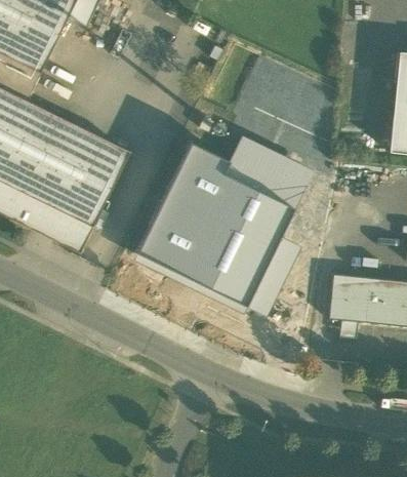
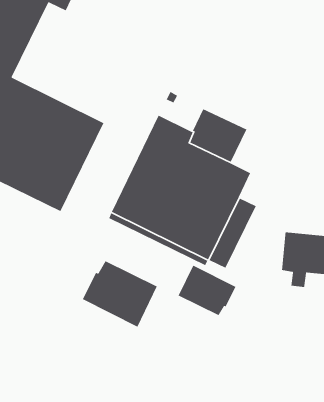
building: [272,159,313,208] -> none
building: none -> [82,260,158,328]
building: none -> [178,265,237,316]

